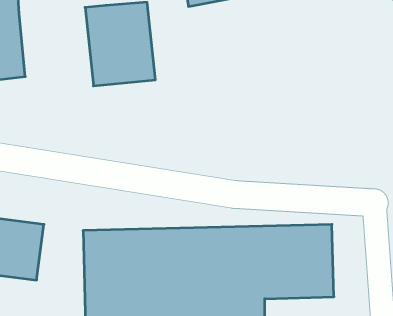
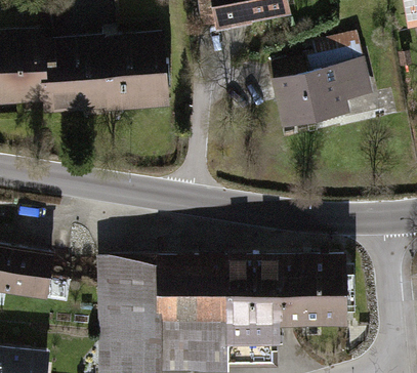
building: none -> [33,34,107,118]
building: none -> [268,37,371,134]

